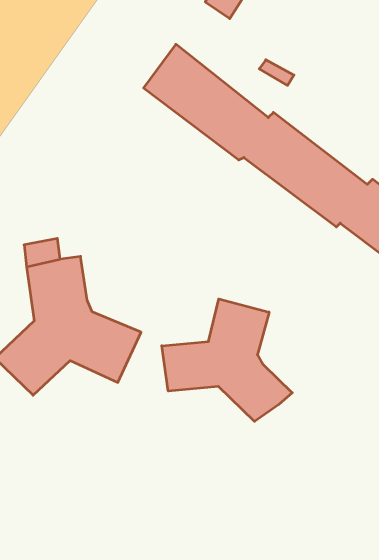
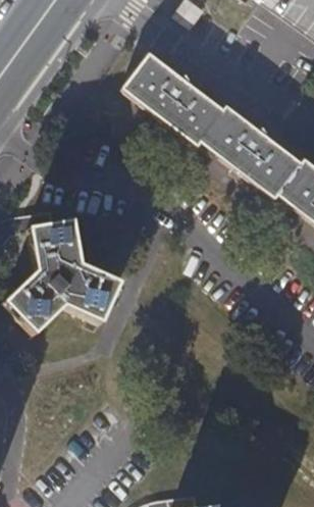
building: [162,299,292,421] -> none

